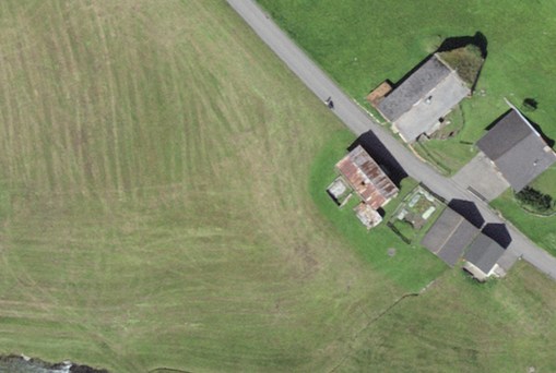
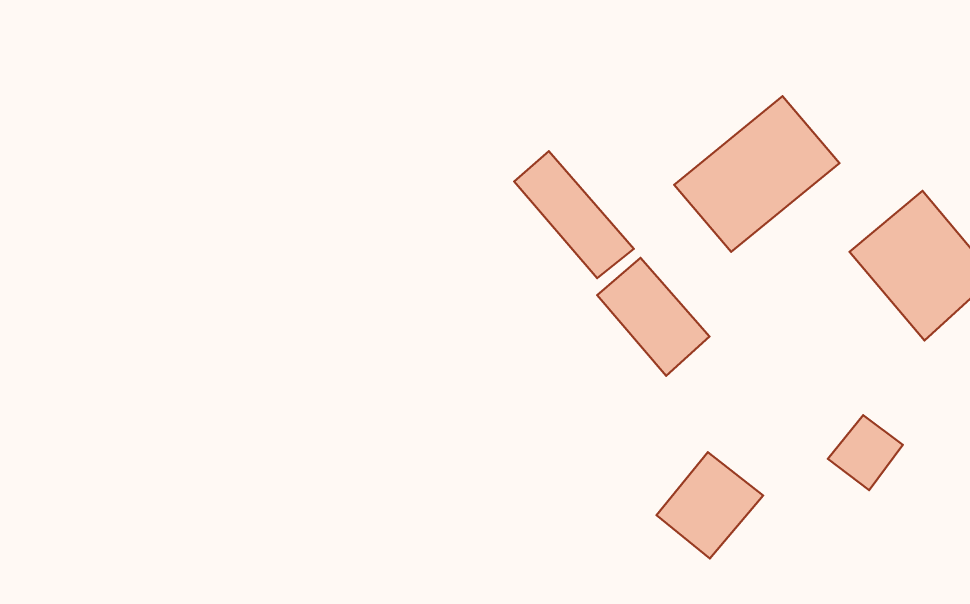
building: none -> [514,151,634,278]
building: [419,206,478,265] -> [657,452,763,559]

